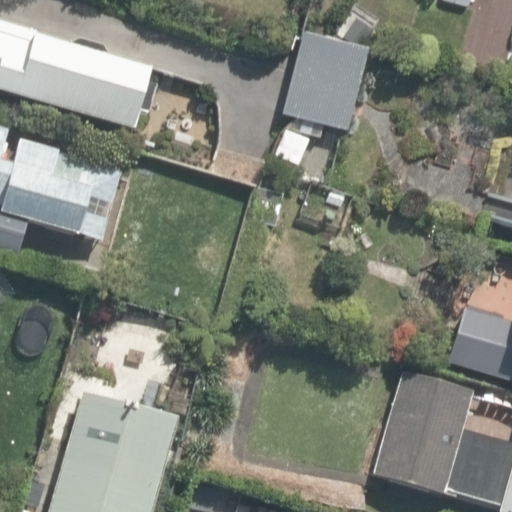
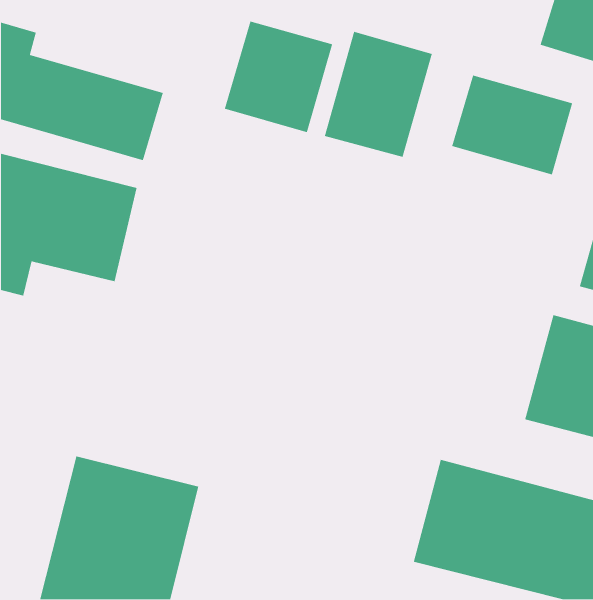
building: none -> [224,20,333,133]
building: none -> [451,74,573,175]

